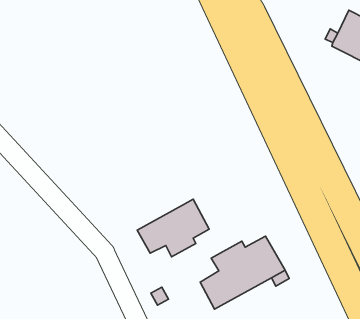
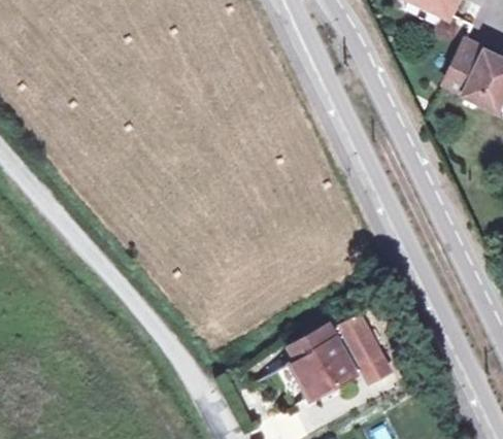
building: [137,199,209,257] -> none

